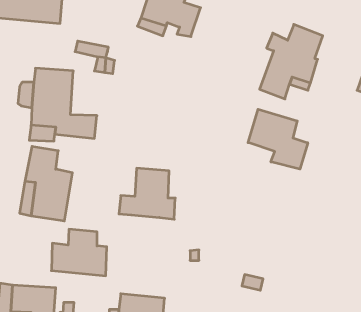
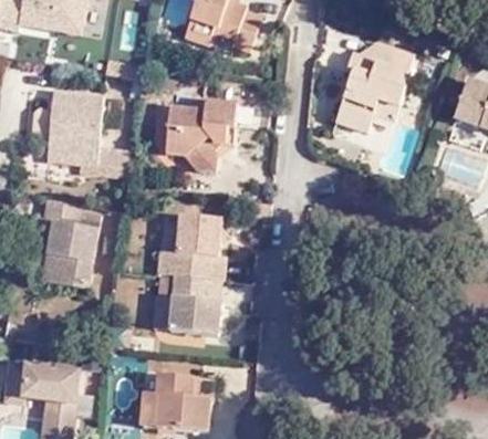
building: none -> [168,98,238,173]
building: [248,109,308,169] -> none
building: [51,229,107,276] -> [150,275,220,334]

